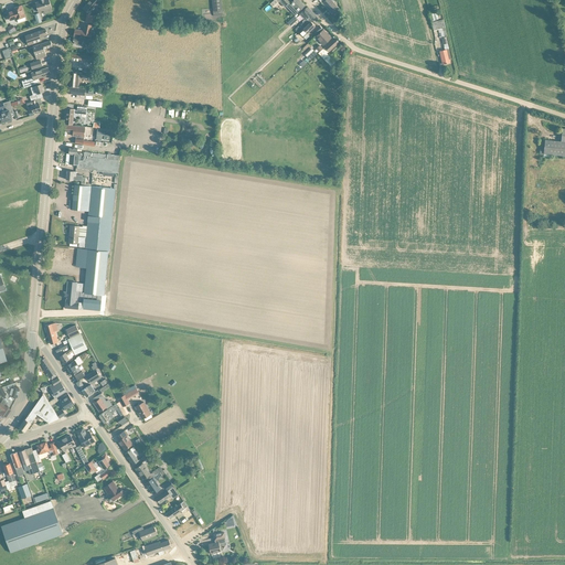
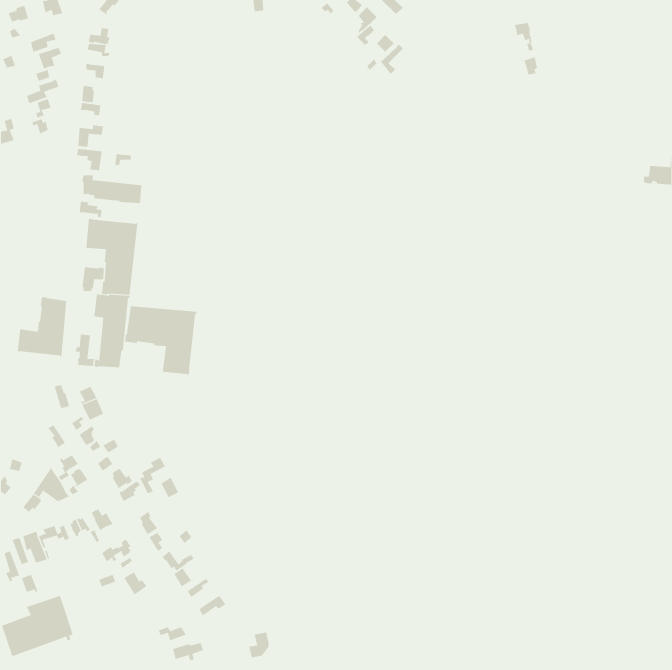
building: none -> [17,296,67,357]
building: none -> [125,306,197,375]

